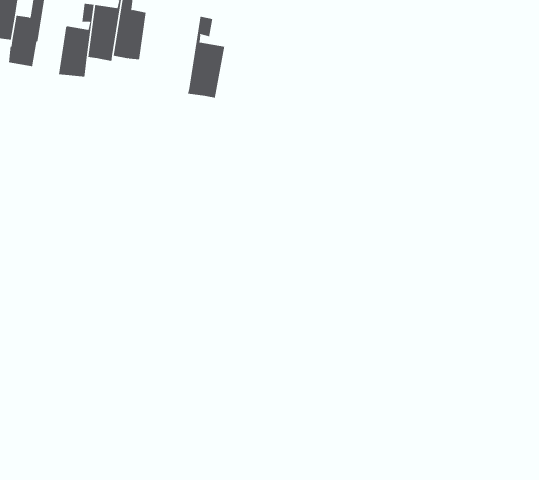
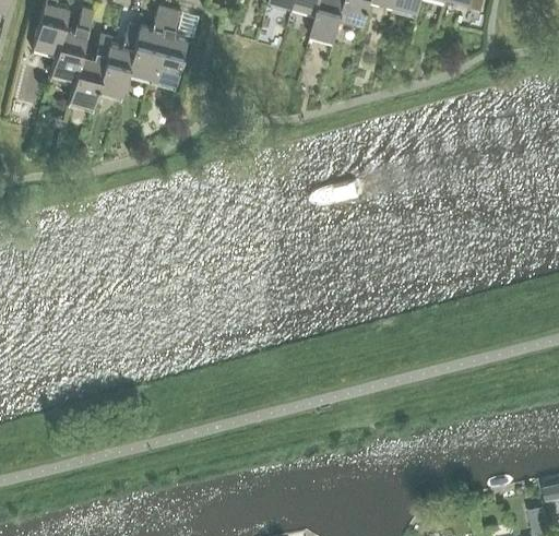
building: [187,16,225,98] -> none
building: none -> [69,36,111,107]

